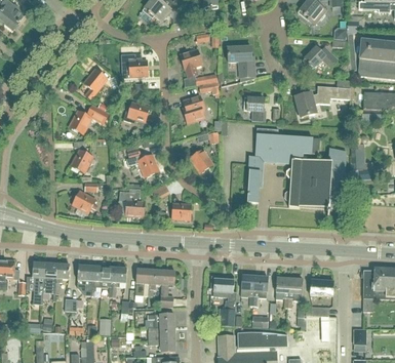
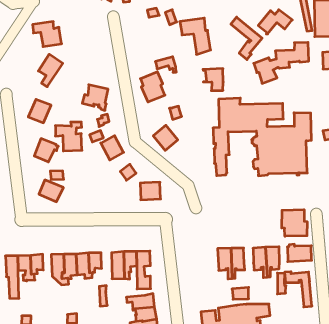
building: [180,48,202,77] -> none
building: none -> [231,17,262,60]
building: [121,53,148,77] -> [33,22,62,47]
building: [119,189,146,217] -> [55,122,82,151]
building: none -> [282,210,307,236]
building: [210,276,236,326] -> none

